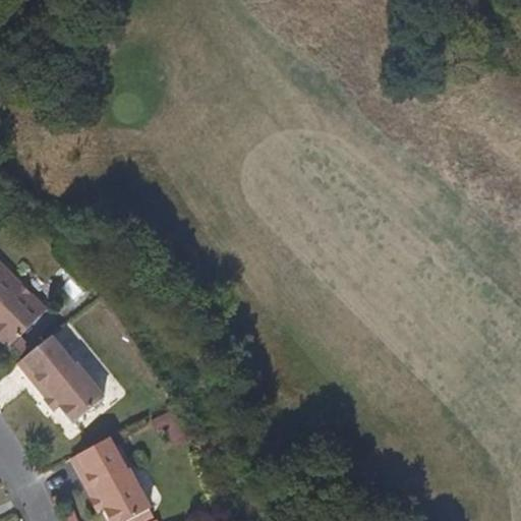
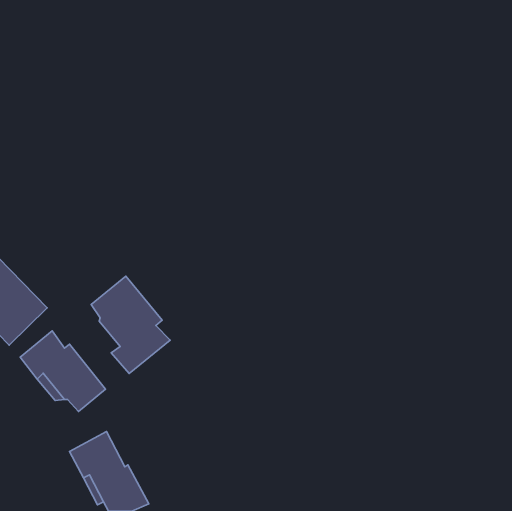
building: none -> [91,276,170,374]

